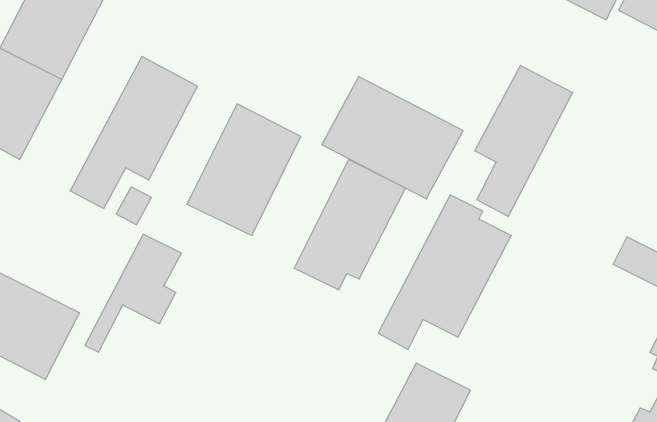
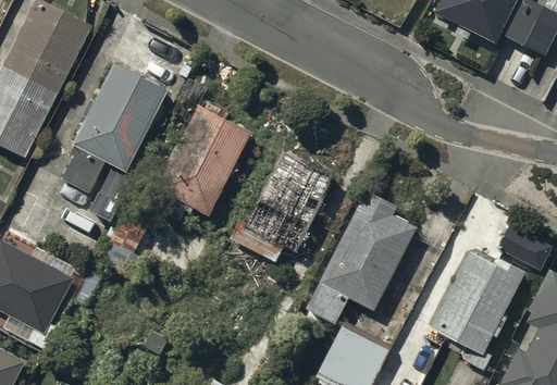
building: [475,65,573,217] -> none
building: [322,76,463,199] -> none
building: none -> [429,248,520,344]

